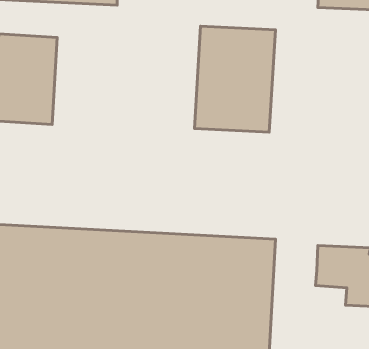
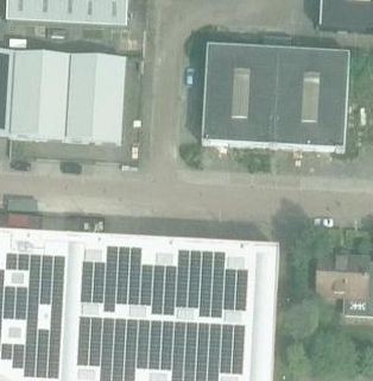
building: none -> [271,48,347,149]
building: none -> [64,55,125,140]

